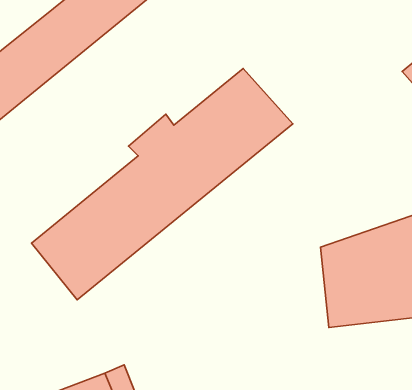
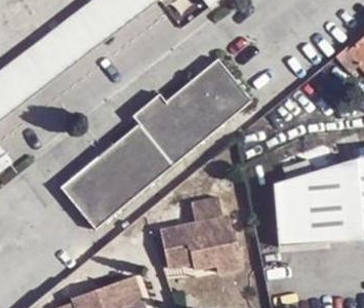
building: none -> [161,197,243,272]

